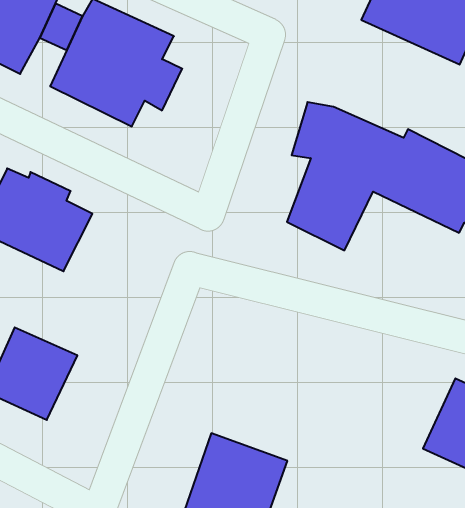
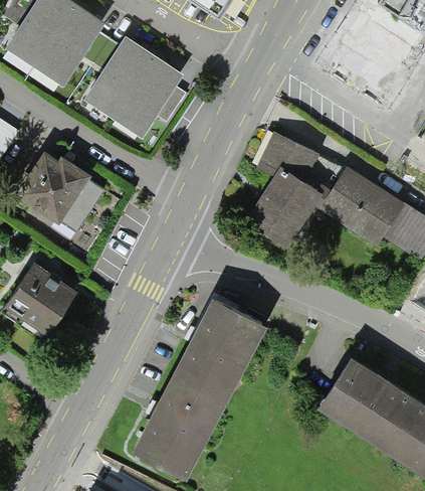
building: none -> [171,301,262,400]

